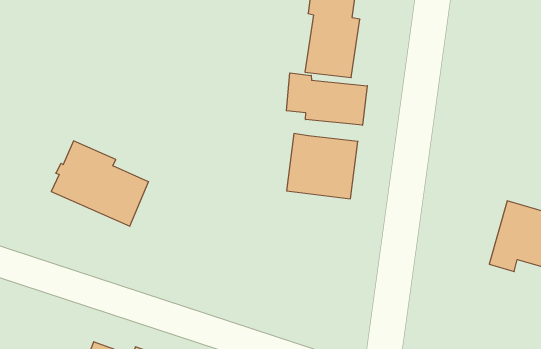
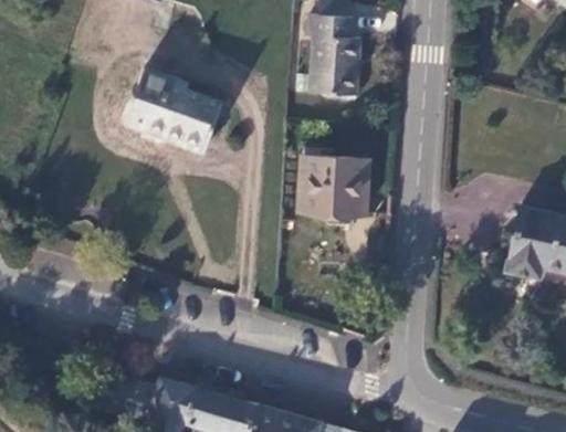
building: [286,73,367,125] -> none
building: [51,141,149,226] -> [126,71,222,151]

